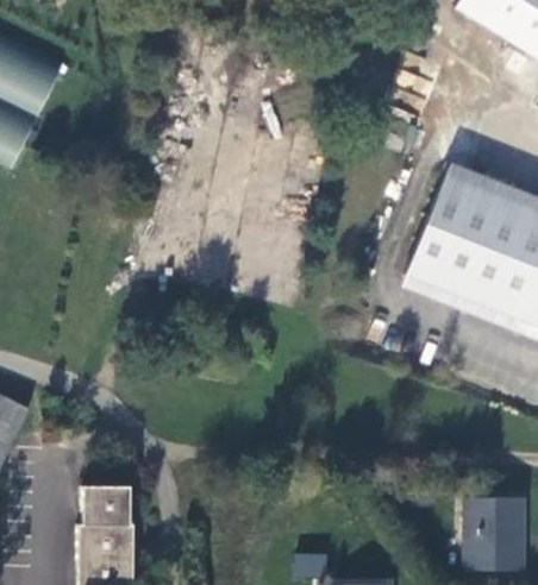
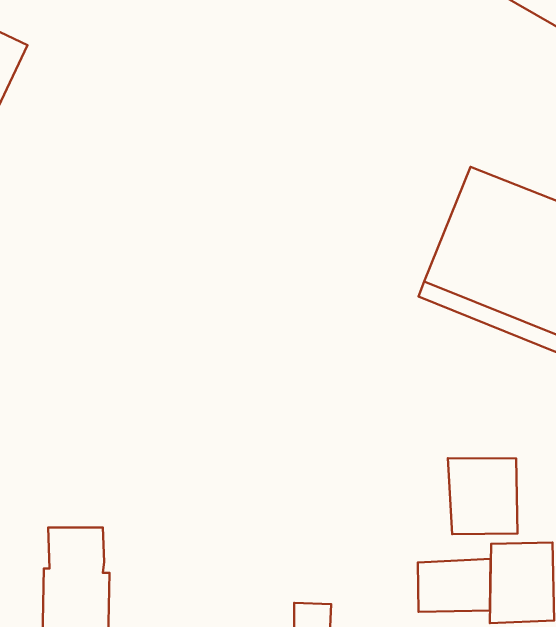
building: none -> [448,458,517,534]
building: none -> [418,559,491,612]

